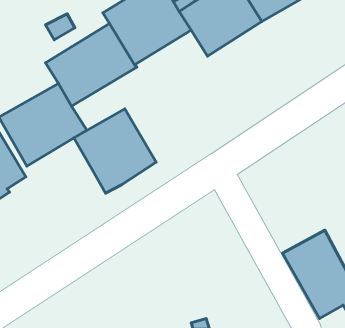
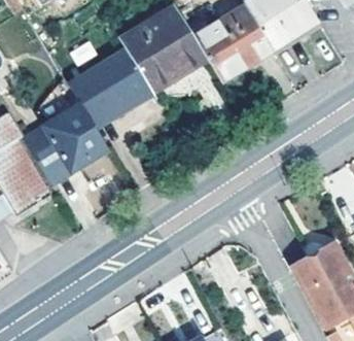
building: [74,109,156,193] -> none

